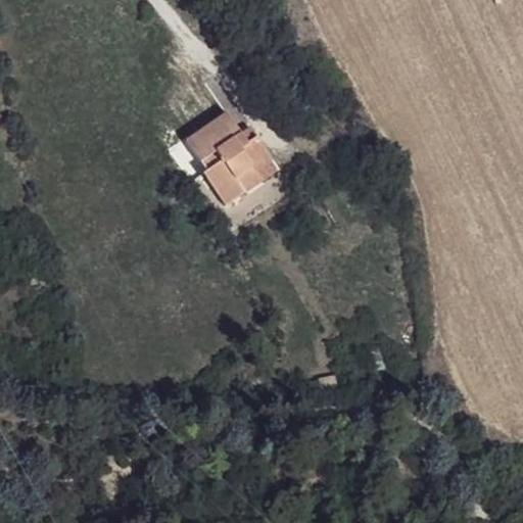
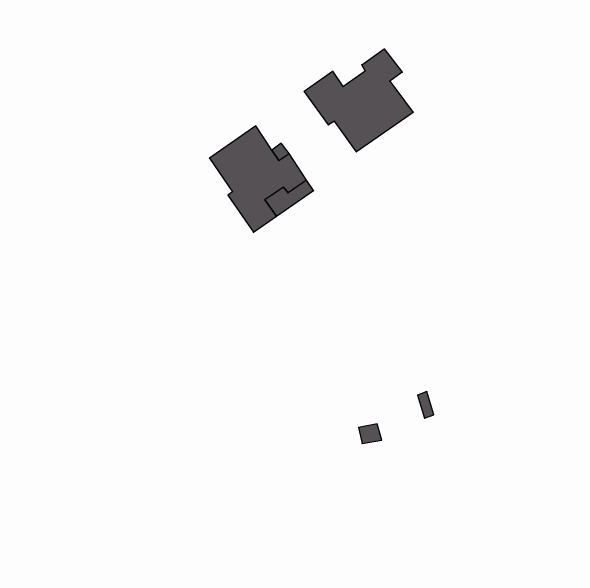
building: none -> [304,49,413,152]

